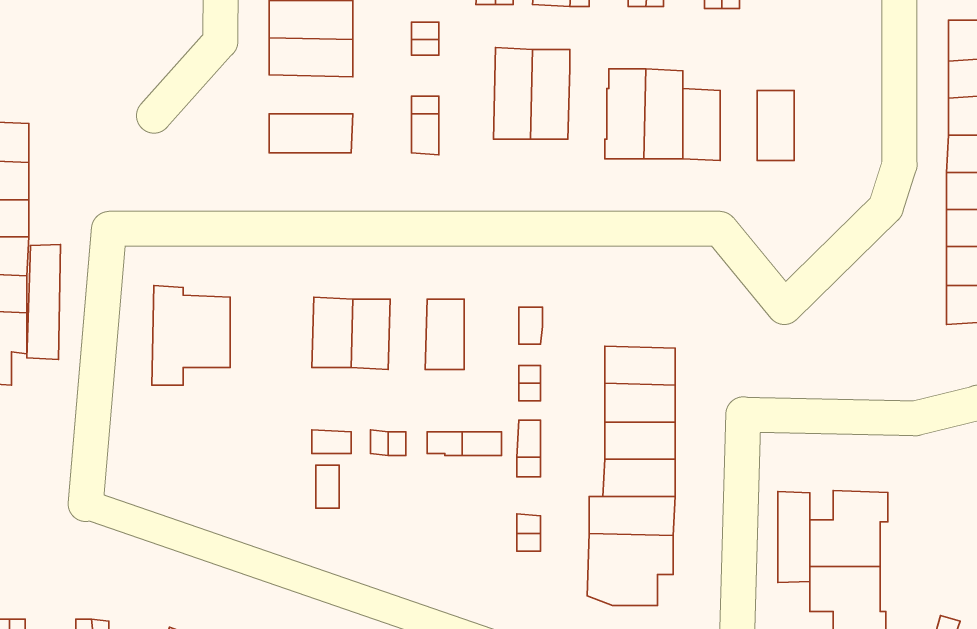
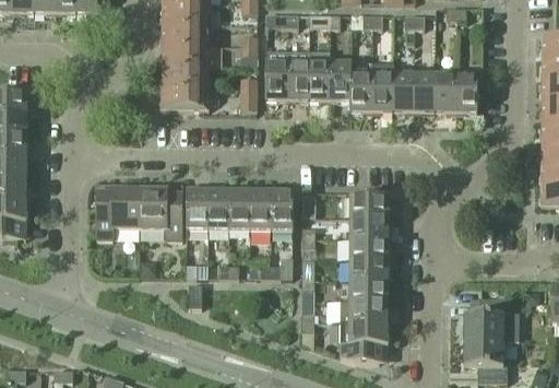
building: none -> [265,50,288,102]
building: none -> [329,62,352,102]
building: none -> [162,66,209,87]
building: none -> [414,74,435,114]
building: none -> [455,74,478,114]
building: [27,245,61,360] -> none
building: none -> [140,185,182,240]
building: none -> [228,191,250,231]
building: none -> [271,191,293,231]
building: none -> [349,197,390,219]
building: [778,492,810,583] -> none

